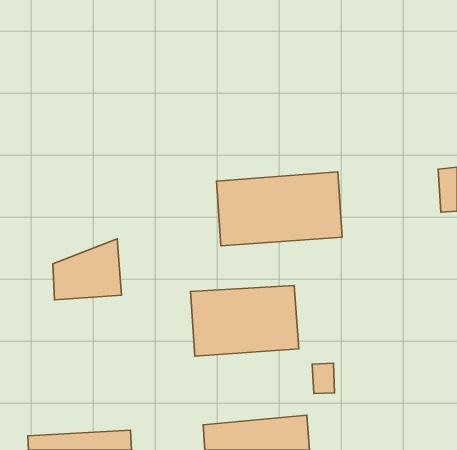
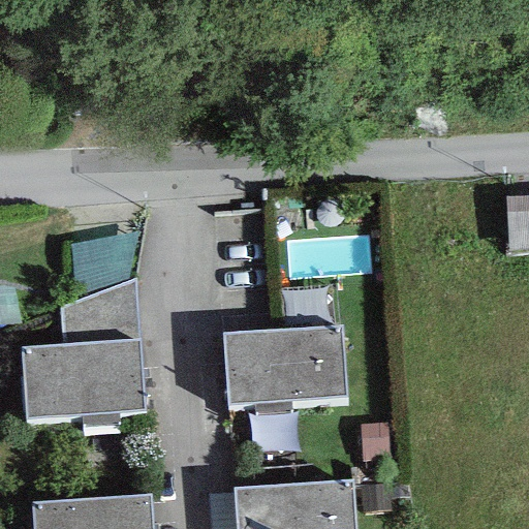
building: [216,172,342,246] -> none
building: none -> [20,341,147,424]

